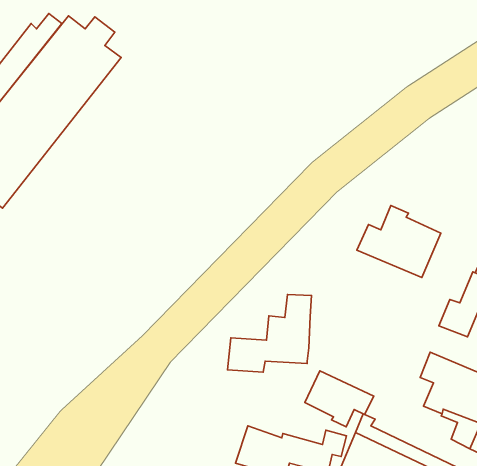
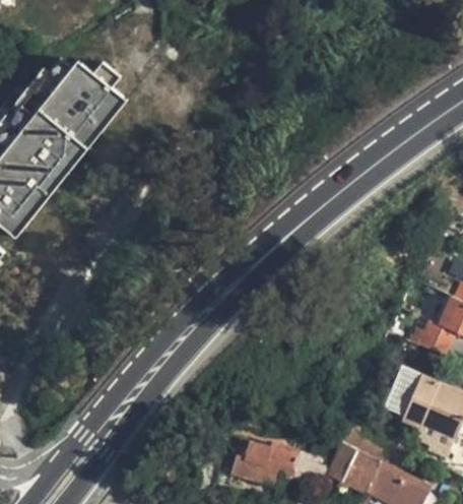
building: [357,205,441,278] -> none
building: [227,294,312,372] -> none
building: [305,371,374,427] -> none

